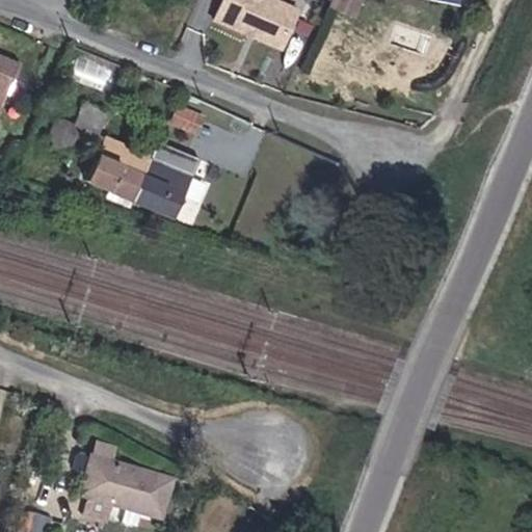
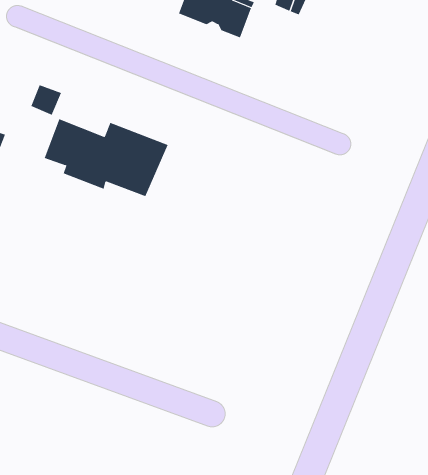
building: [81,453,171,512] -> none

